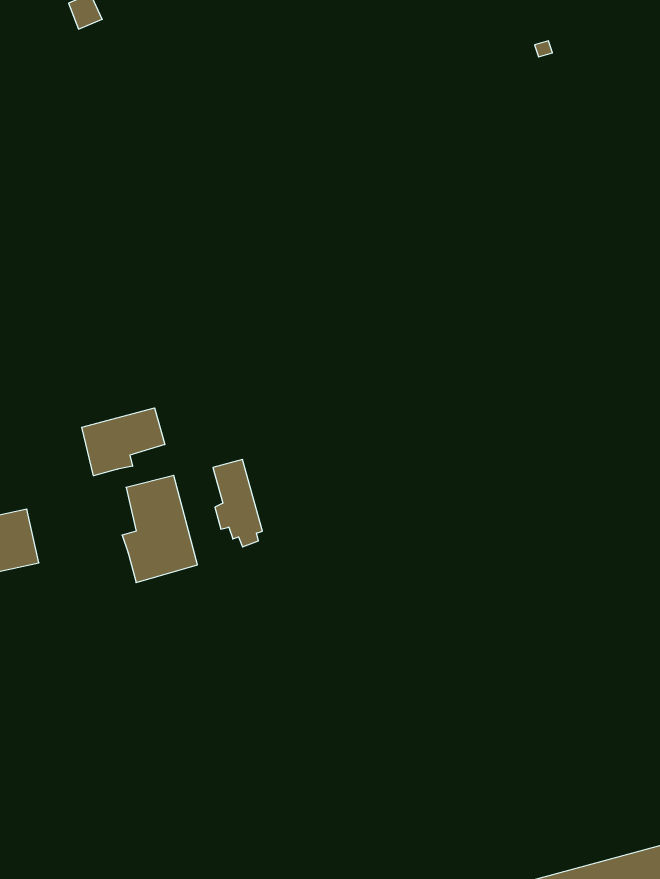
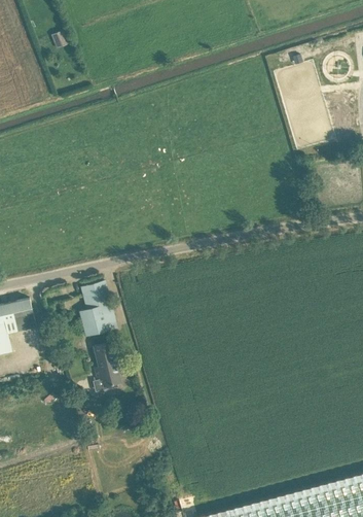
building: [82,408,165,476] -> none
building: [213,460,262,547] -> [94,345,119,390]

